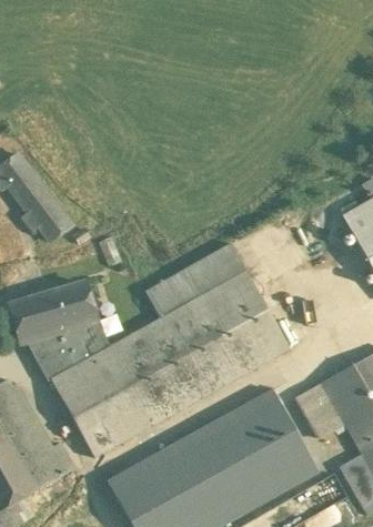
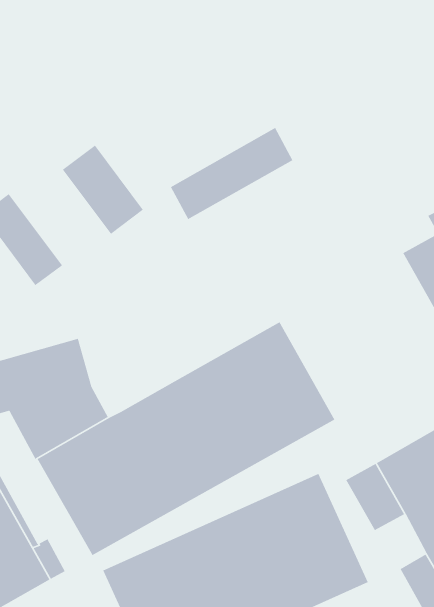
building: none -> [62,145,144,235]
building: [147,244,245,318] -> [170,127,293,220]

